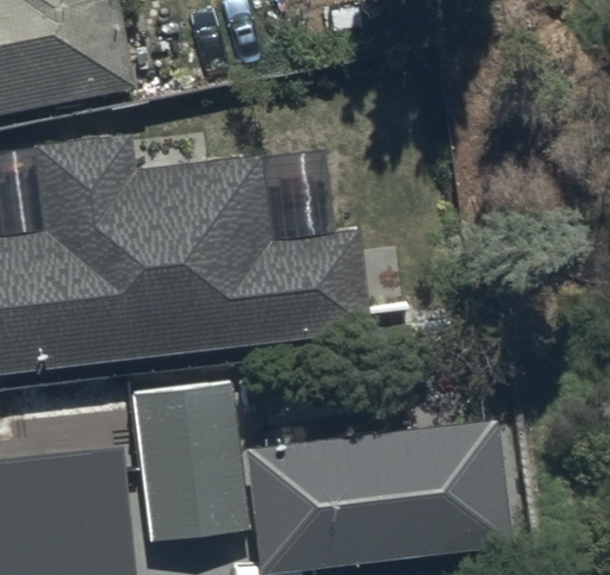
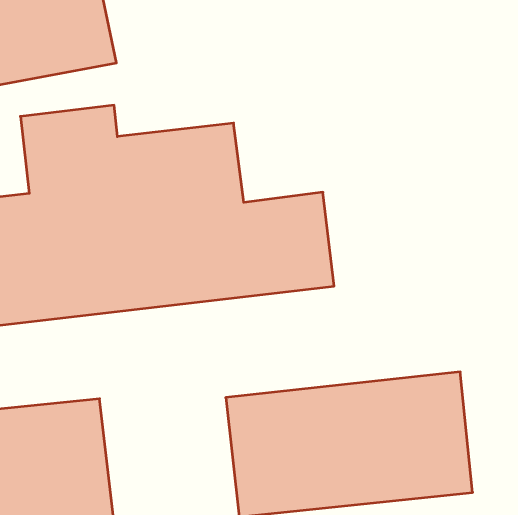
building: [133,383,250,543] -> none

